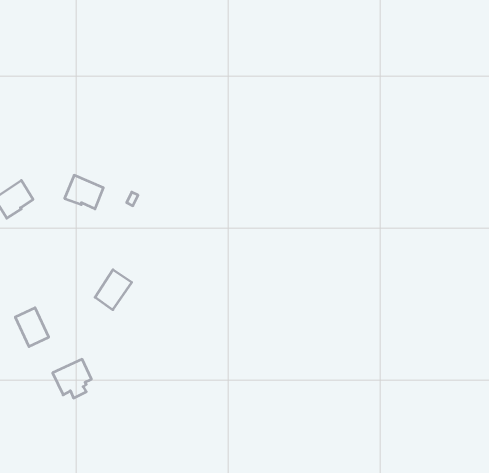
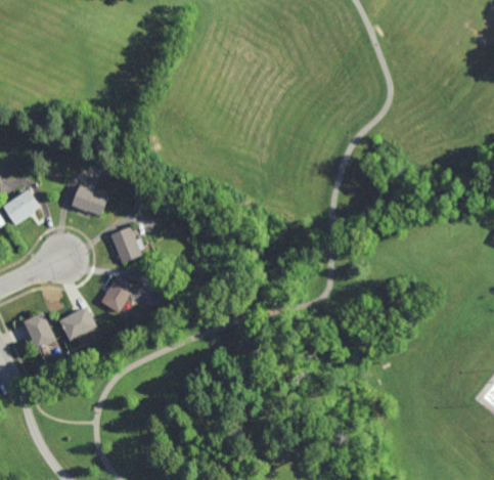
building: none -> [110,227,144,264]
building: [53,359,91,398] -> [58,307,96,345]

